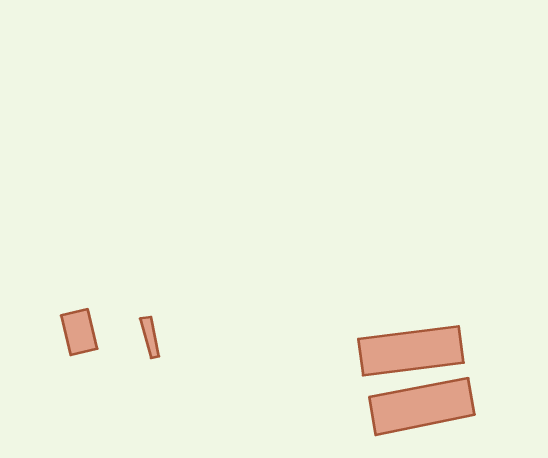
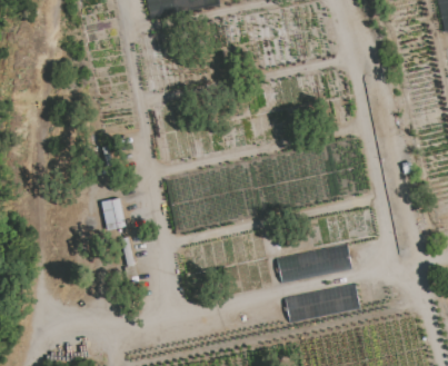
building: [61,309,97,355] -> [101,200,127,233]

